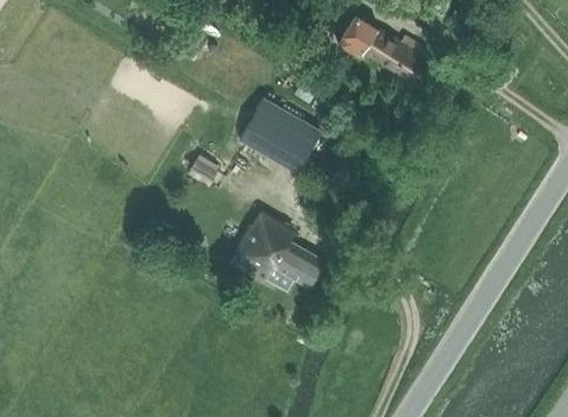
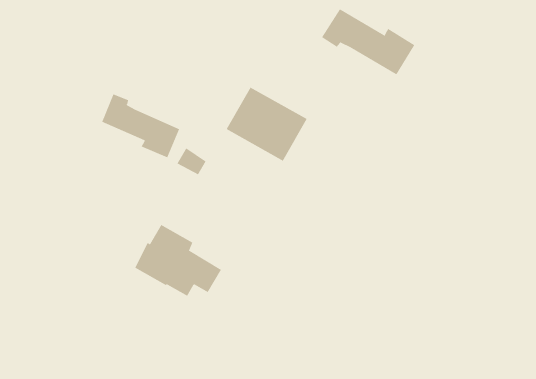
building: none -> [102,94,180,158]
building: [233,215,323,290] -> [135,224,222,296]

